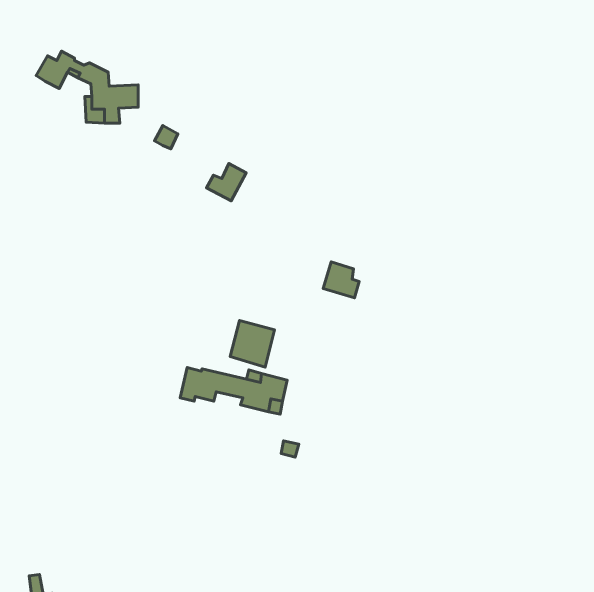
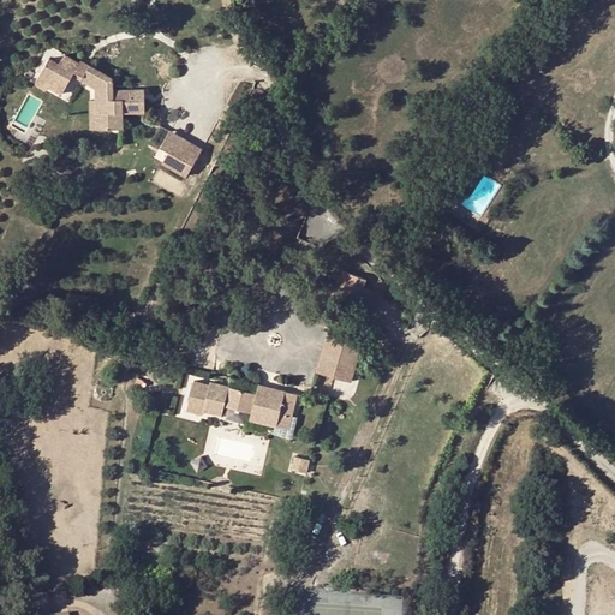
building: [207,163,246,201] -> [161,141,202,179]
building: [230,321,274,367] -> [316,335,362,383]

